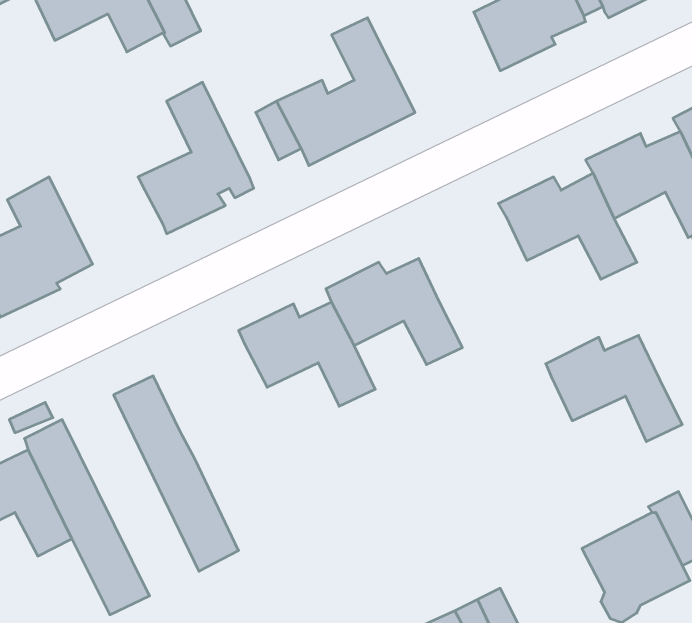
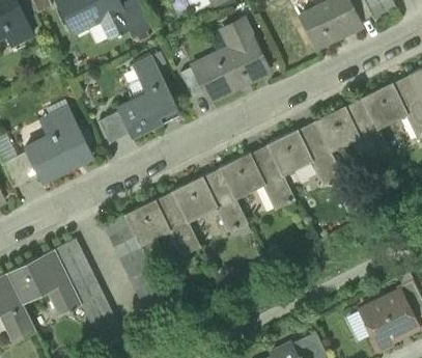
building: none -> [97,110,130,142]
building: [546,335,682,442] -> [266,128,341,186]
building: none -> [123,197,198,260]

